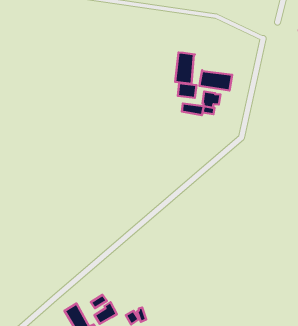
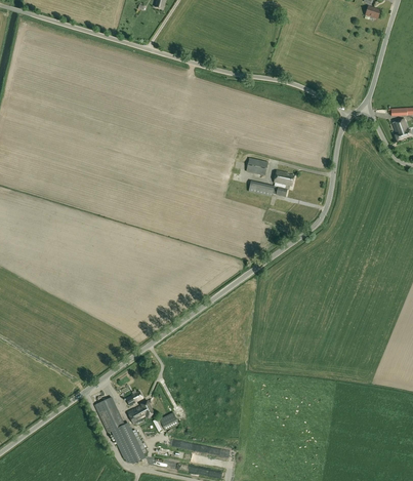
building: [175,52,195,84] -> none
building: [199,70,232,90] -> none

